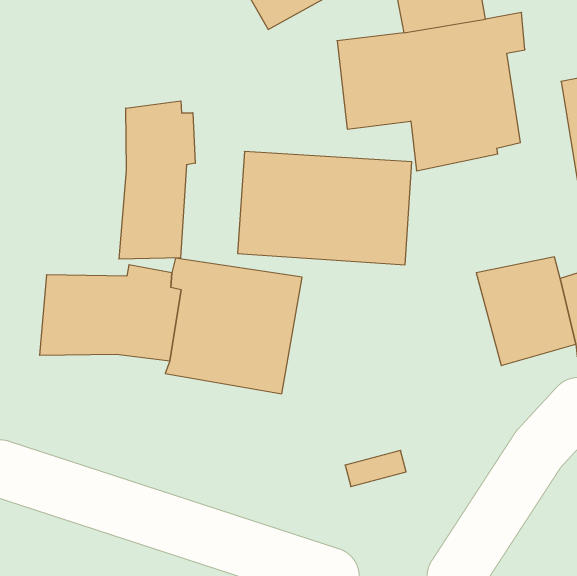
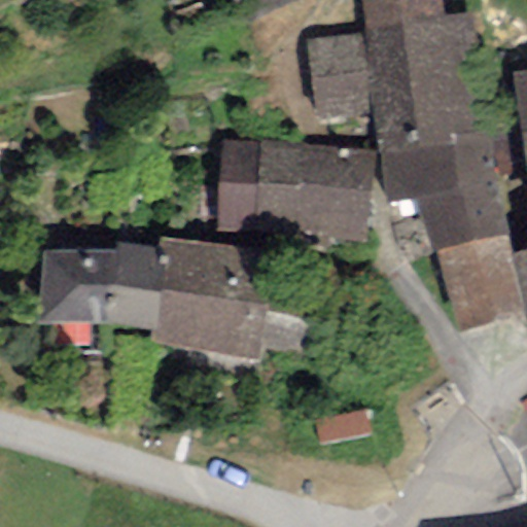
building: [119,101,195,259] -> none
building: none -> [380,129,505,248]

